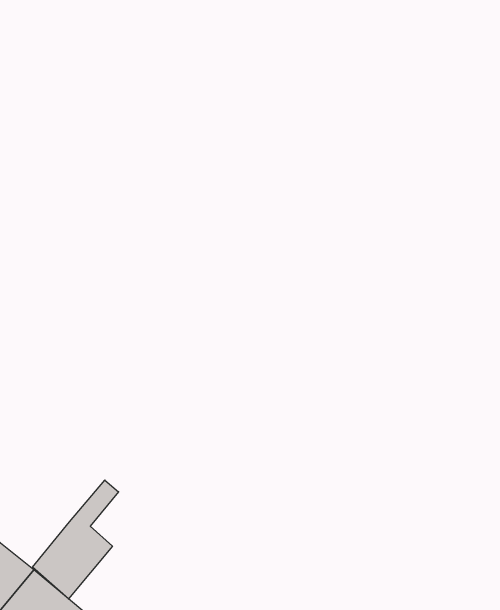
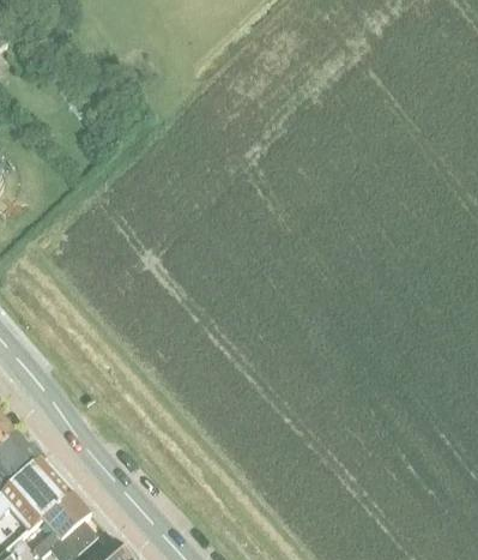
building: [33,480,119,599] -> none

